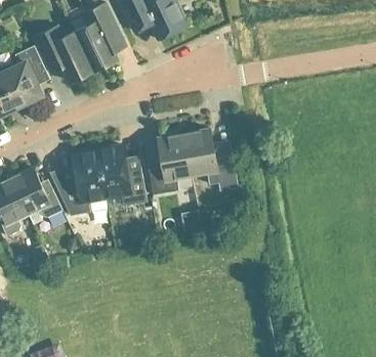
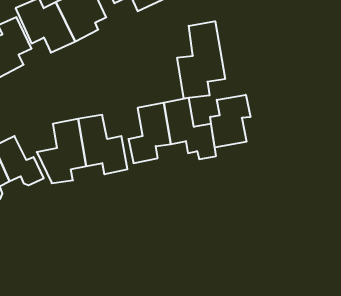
building: none -> [177,21,225,98]
building: none -> [210,95,250,148]

